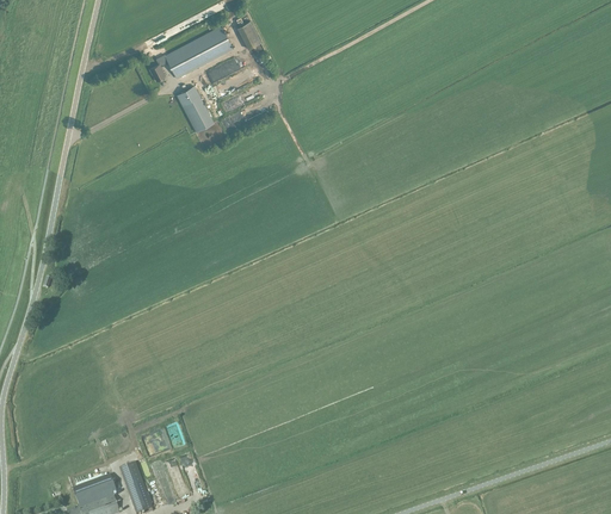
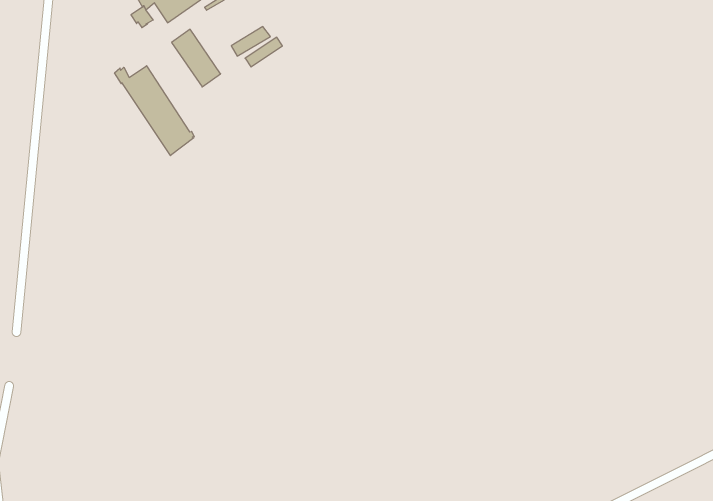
building: none -> [115,66,194,156]

